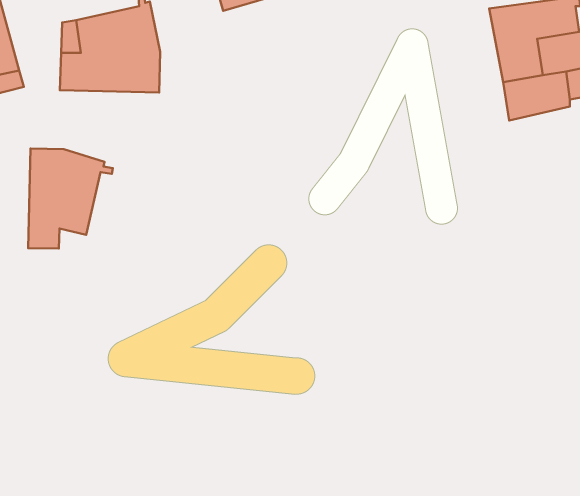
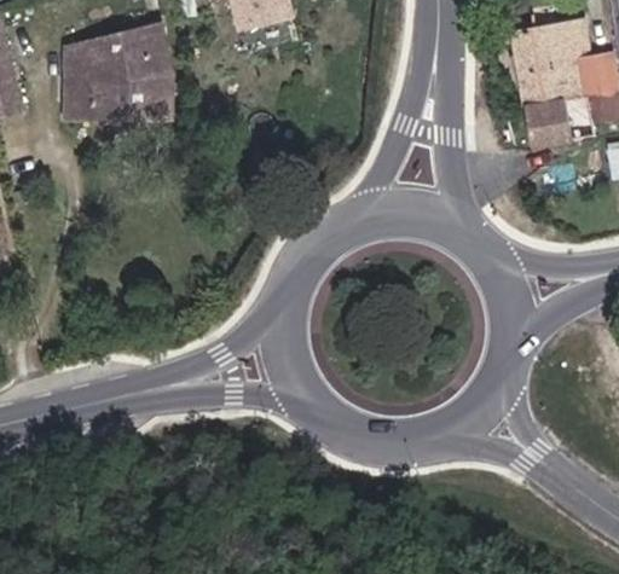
building: [28,149,113,249] -> none

